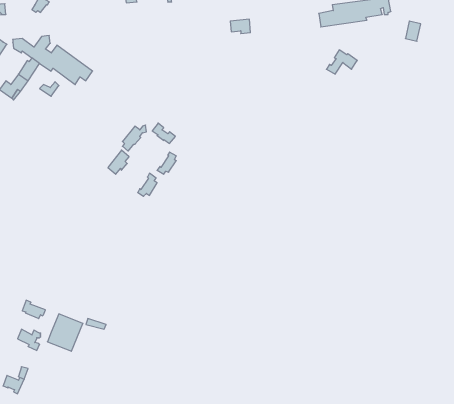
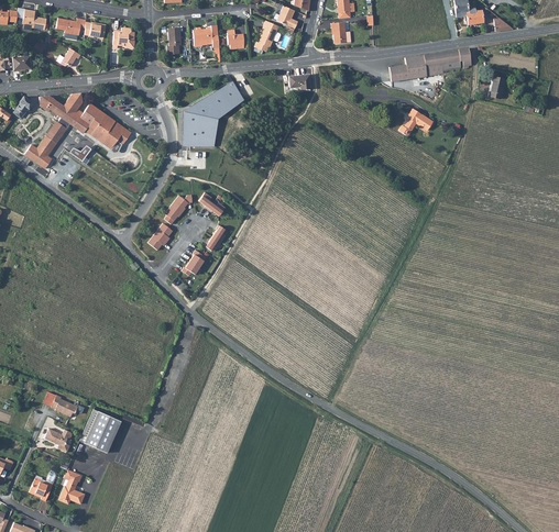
building: none -> [180,81,241,145]
building: none -> [58,469,84,503]

